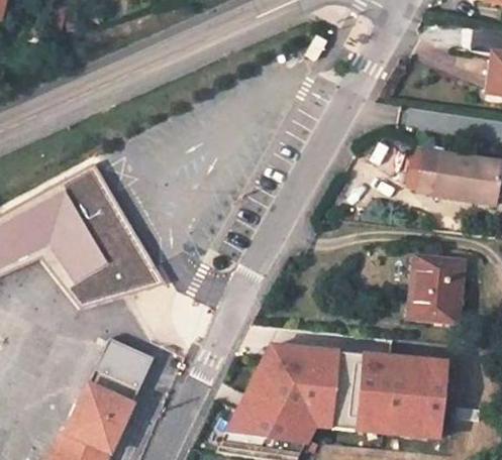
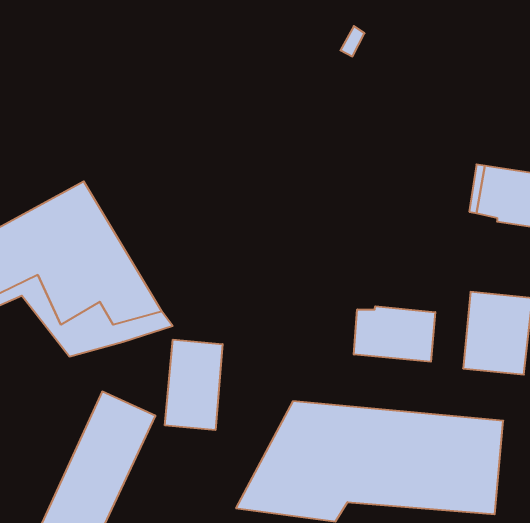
building: none -> [354,306,435,362]
building: none -> [165,340,223,430]

